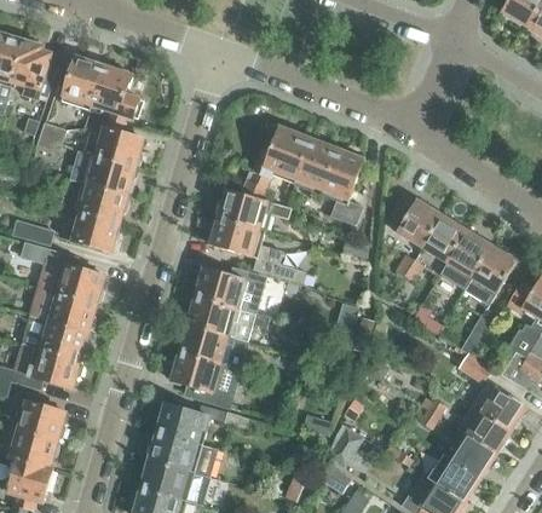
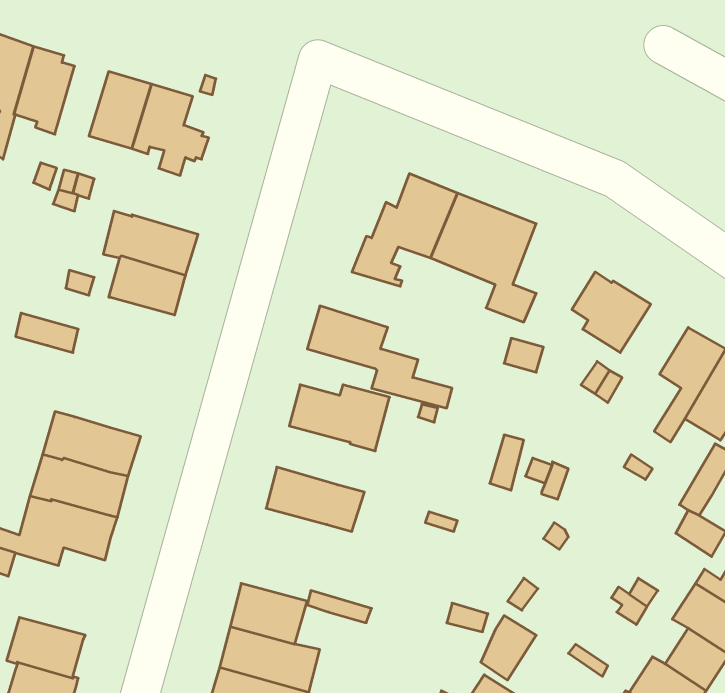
building: [91,126,143,167] -> none
building: [218,189,290,230] -> none
building: [68,209,120,250] -> none
building: [421,214,467,261] -> none
building: [23,244,105,304] -> none
building: [189,296,270,341] -> none
building: [172,352,240,407] -> none
building: [15,397,67,438] -> none

